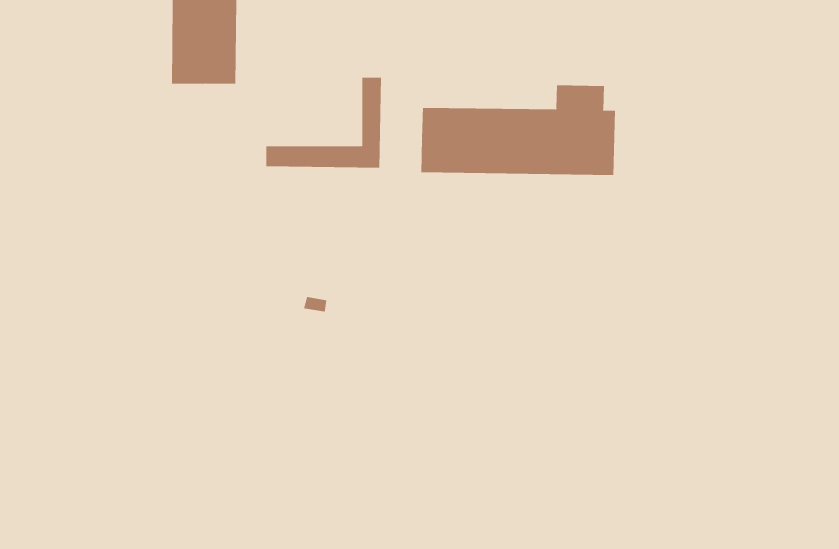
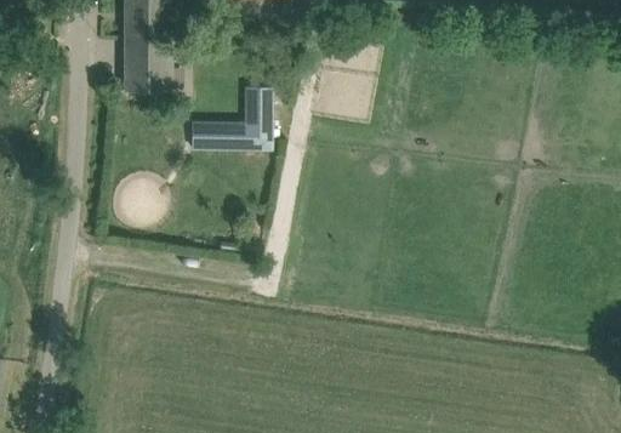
building: [421,85,615,176] -> none

